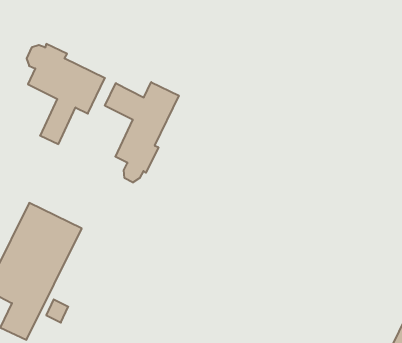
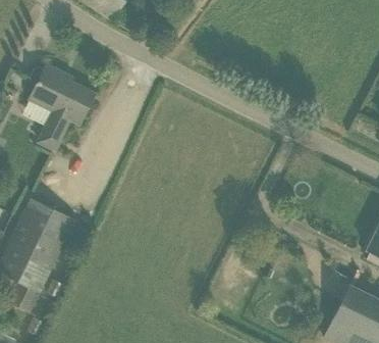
building: [105,82,179,183] -> none

